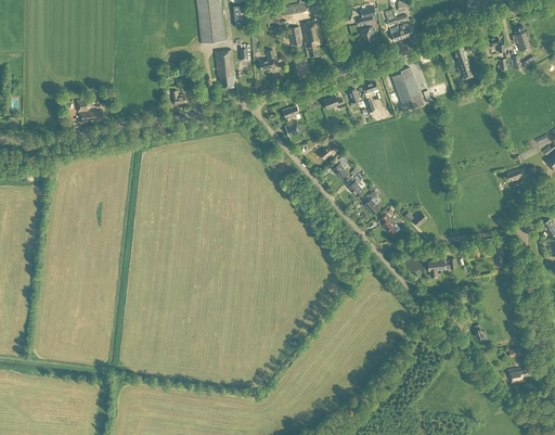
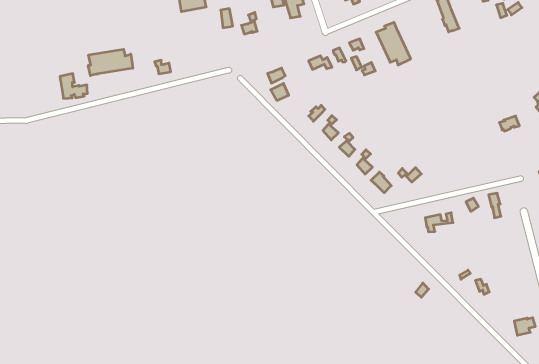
building: [215,49,234,87] -> none
building: none -> [88,49,133,76]

